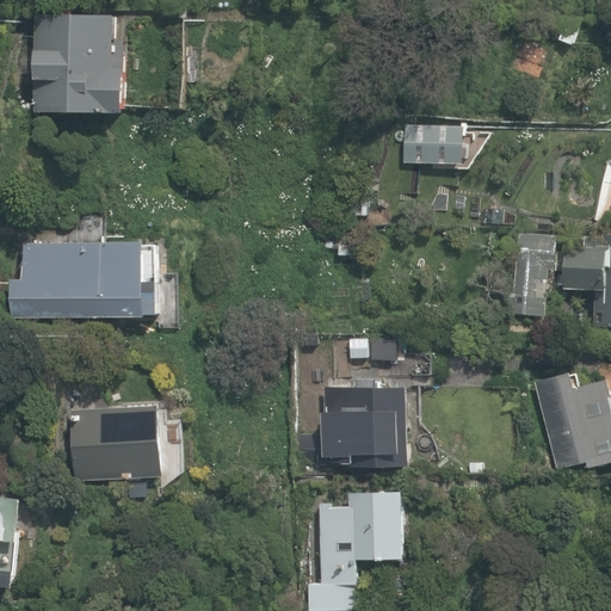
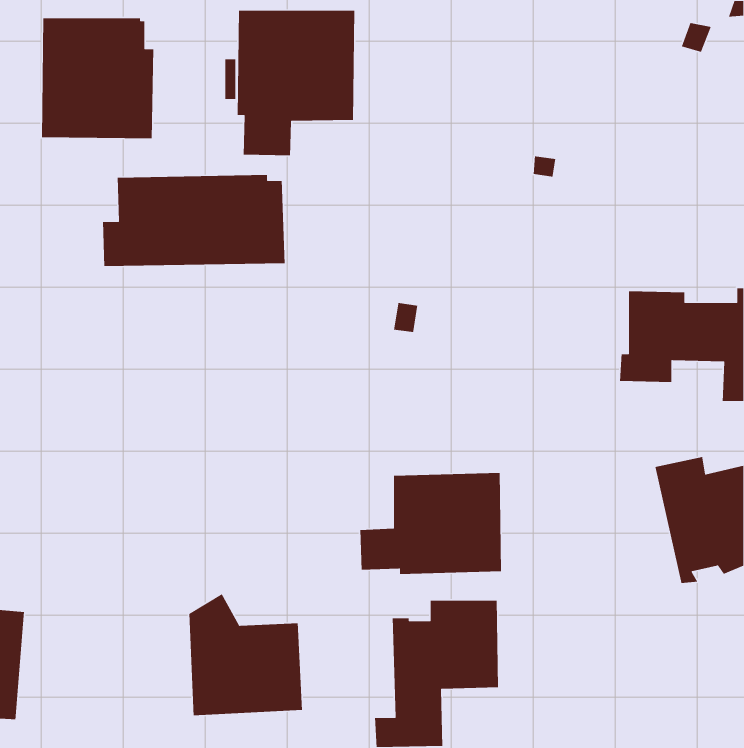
building: none -> [237,10,355,156]
building: [8,242,158,317] -> [102,174,285,267]
building: [68,382,161,482] -> [188,593,303,716]

